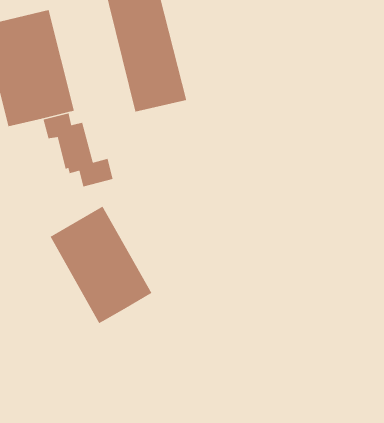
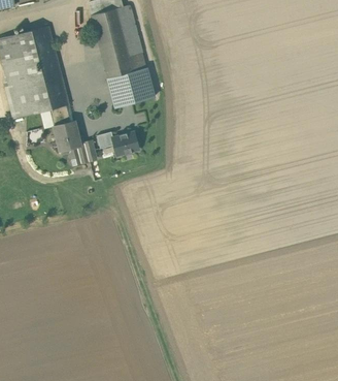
building: none -> [110,131,139,156]
building: [49,206,152,324] -> none

